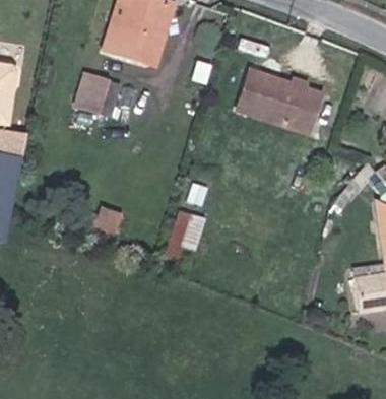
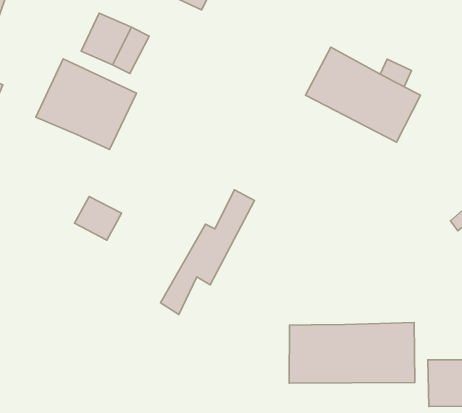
building: none -> [36,59,136,149]
building: none -> [289,322,415,383]

